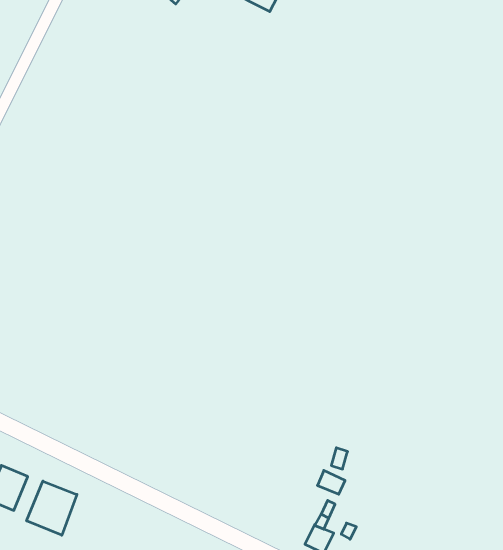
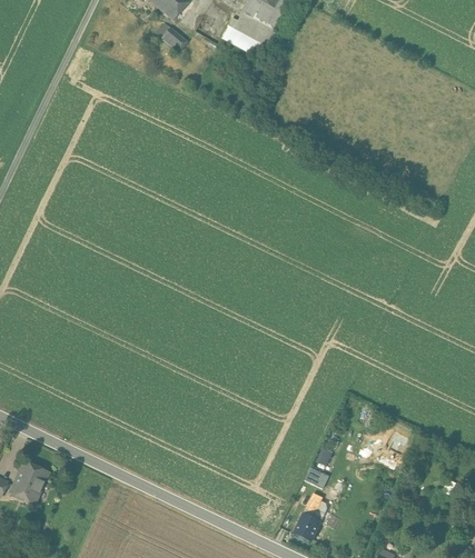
building: [27,481,77,535] -> none

